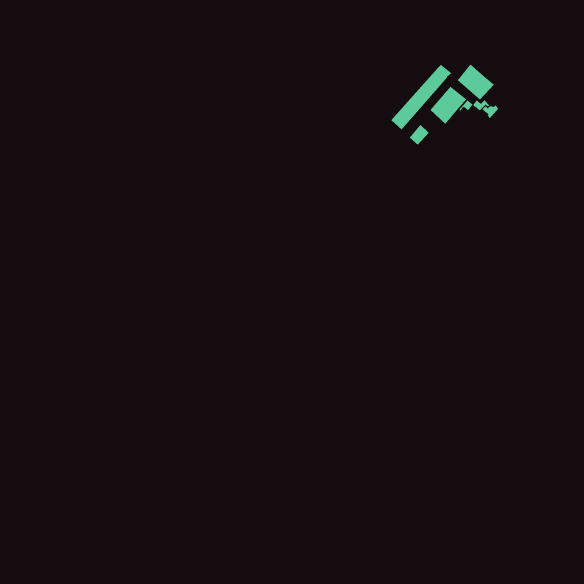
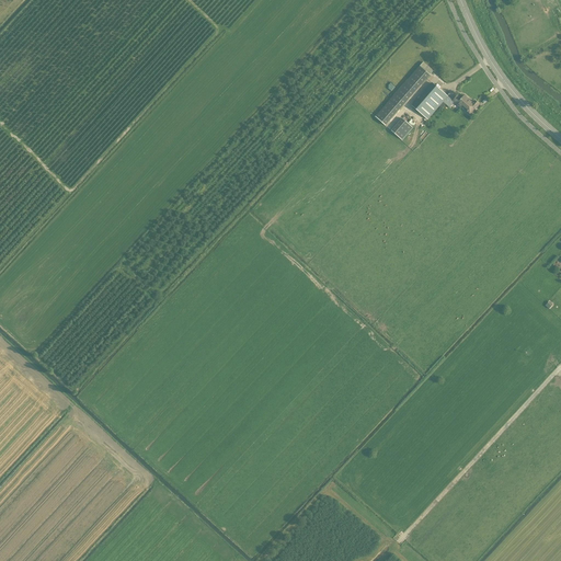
building: [457,63,495,100] -> none

